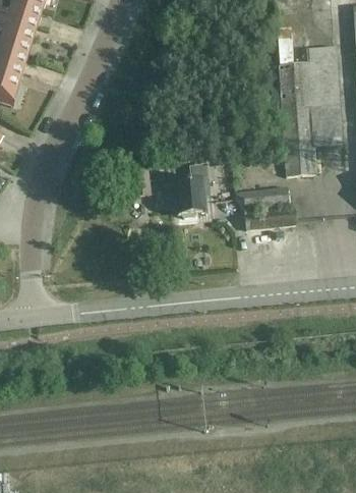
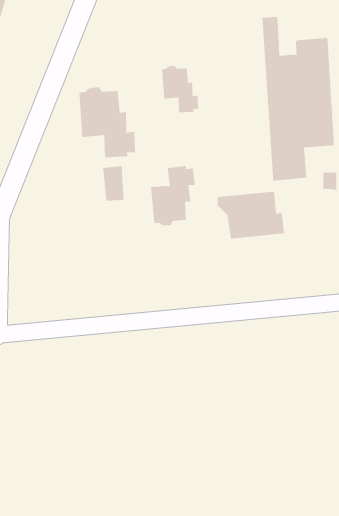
building: none -> [162,65,199,113]
building: none -> [79,86,135,158]

